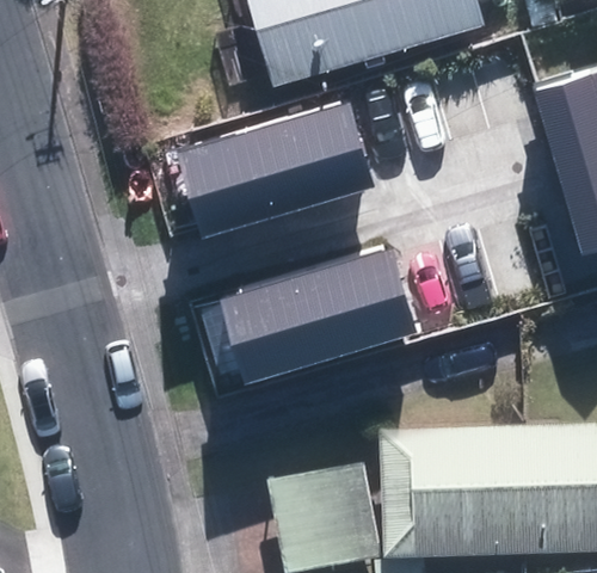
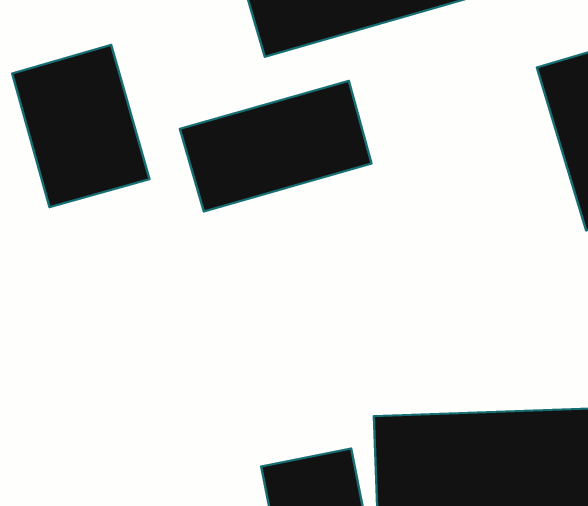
building: none -> [12,45,149,207]
building: [224,247,416,376] -> none

